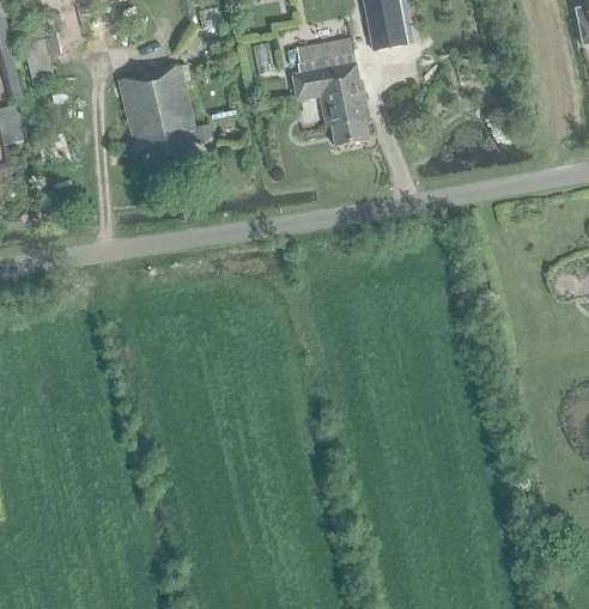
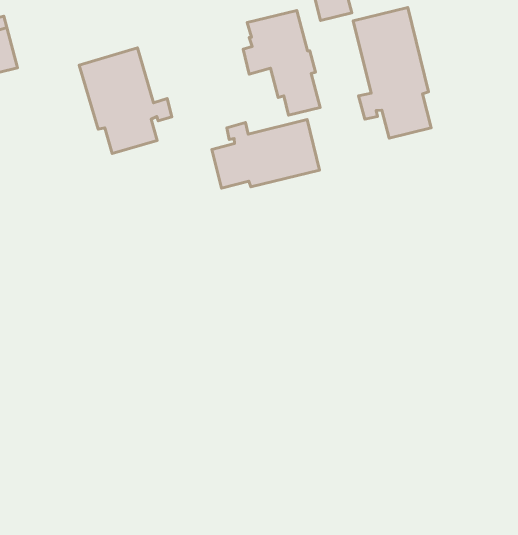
building: none -> [353,8,431,138]
building: none -> [212,119,319,188]

